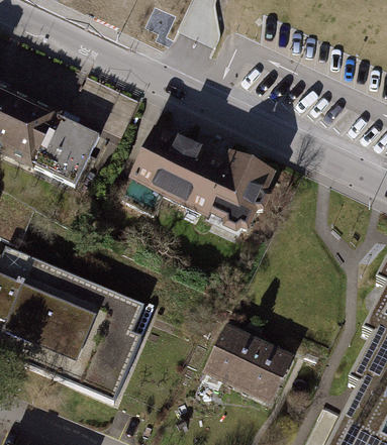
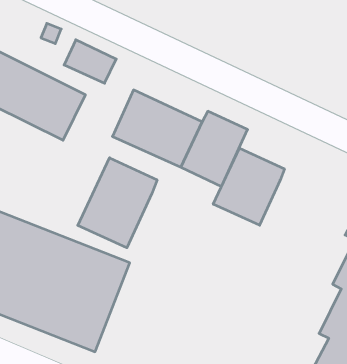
building: none -> [213,148,284,225]
building: none -> [78,158,157,248]
building: [207,327,291,399] -> none

